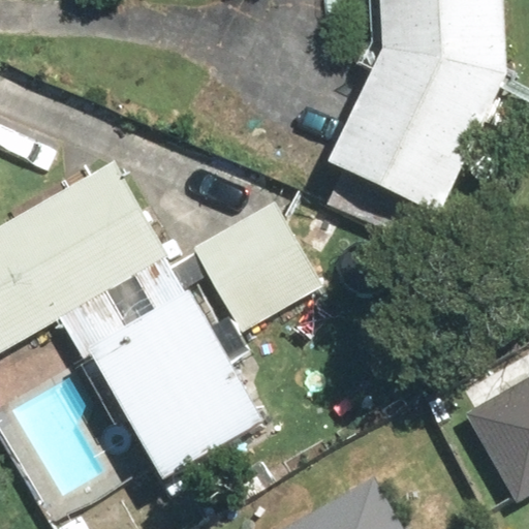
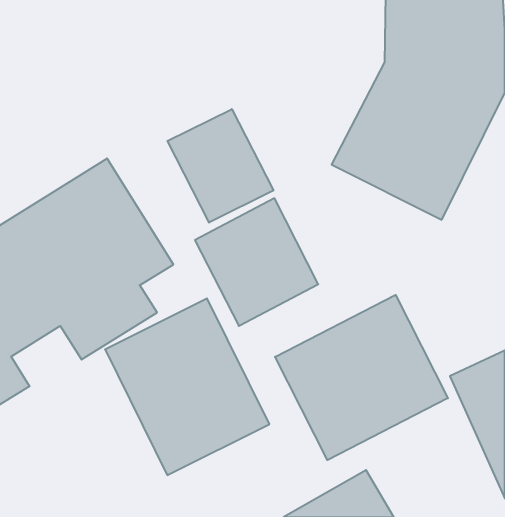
building: none -> [167,109,273,223]
building: none -> [275,295,448,460]

